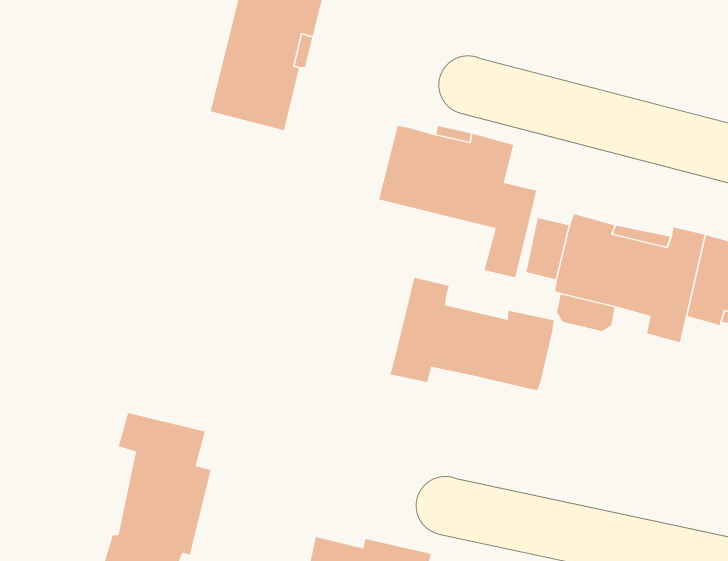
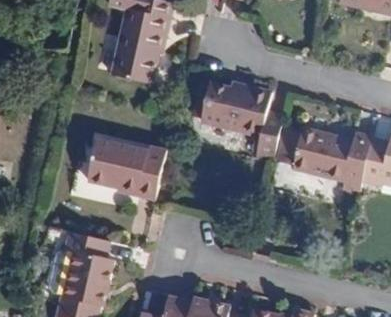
building: none -> [86,139,165,201]
building: [389,277,555,391] -> none

